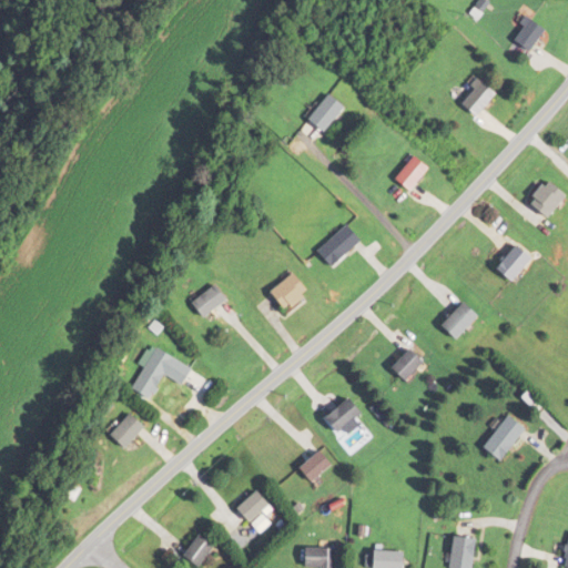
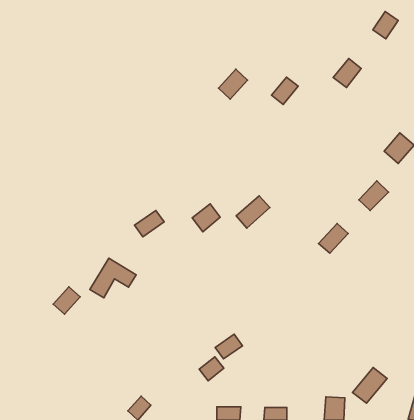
building: [393,155,428,192] -> [272,77,298,104]
building: [316,225,362,268] -> [236,196,270,228]
building: [388,349,423,383] -> none
building: [324,396,365,435] -> none
building: [106,414,143,450] -> [53,287,80,314]
building: [478,415,525,463] -> [352,368,387,403]
building: [237,489,271,521] -> [199,357,224,381]

